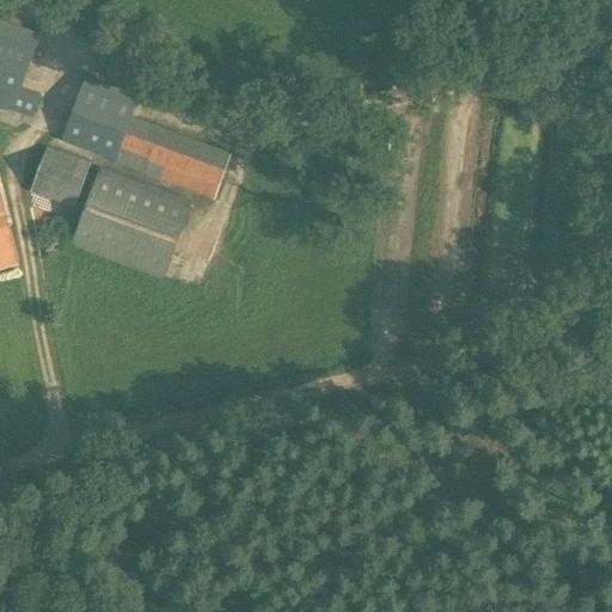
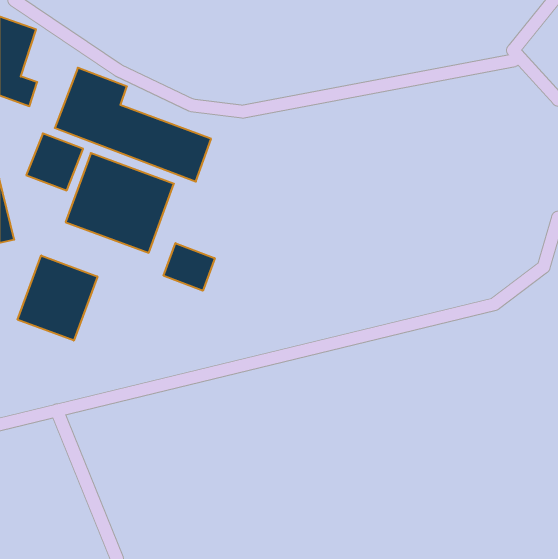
building: none -> [164,243,215,291]
building: none -> [18,255,97,341]

